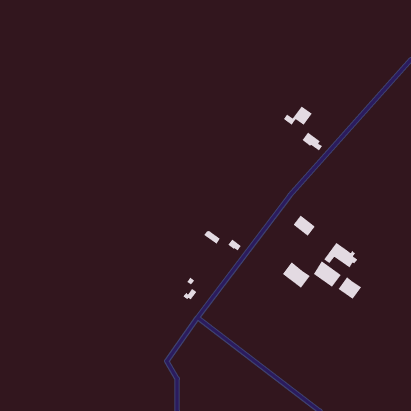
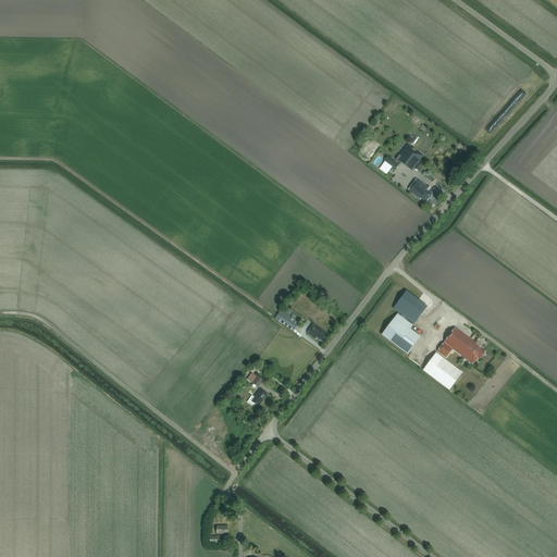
building: [282,261,311,289] -> [381,317,420,354]
building: [338,276,362,300] -> none

